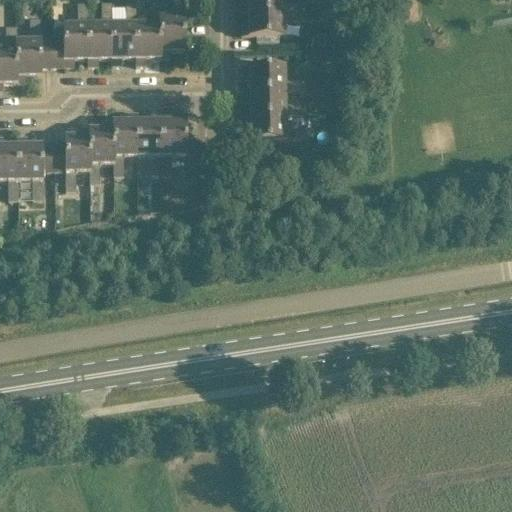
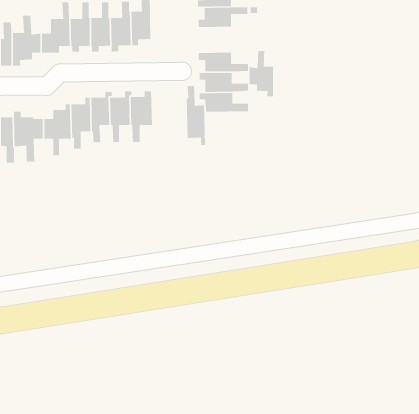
building: none -> [249,50,274,97]
building: none -> [186,85,206,146]

